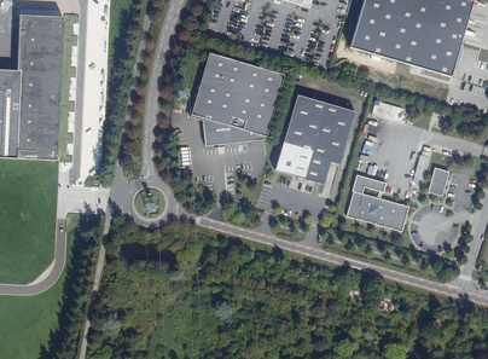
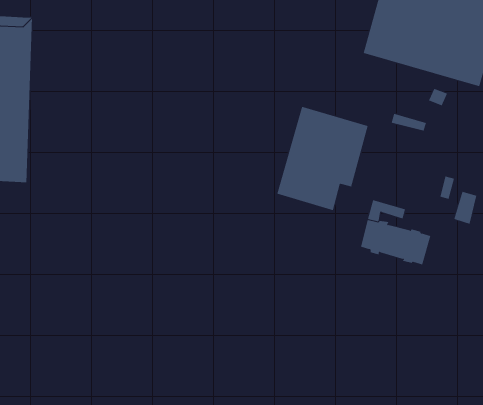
building: [191,53,284,146] -> none

